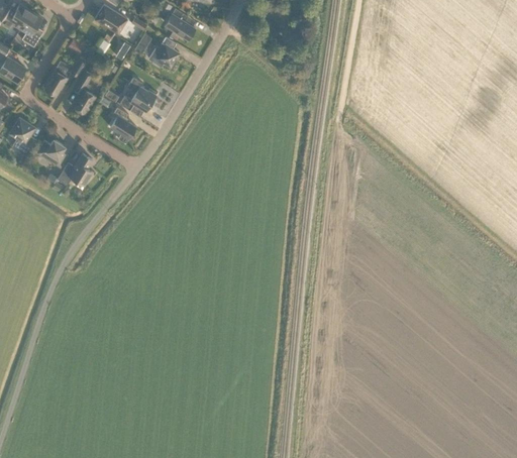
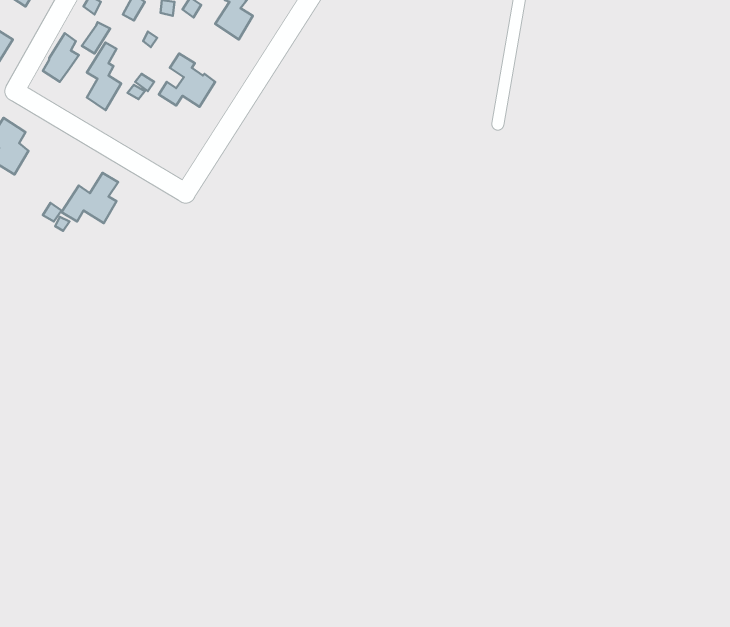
building: [109,106,135,141] -> none
building: [36,138,65,165] -> none

